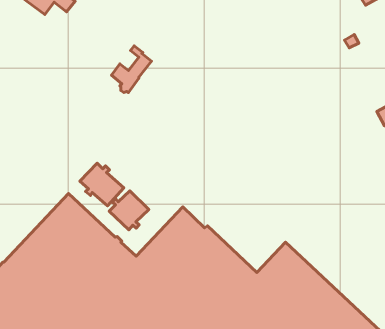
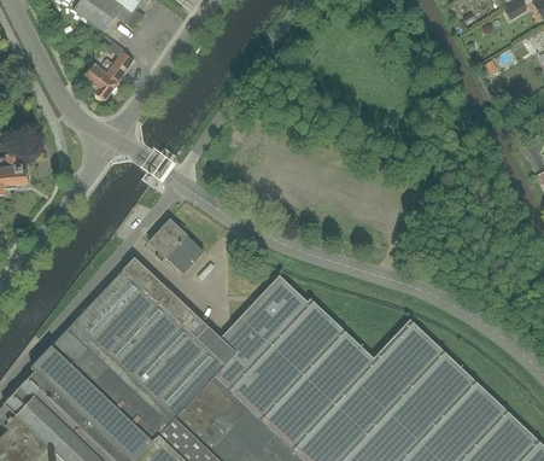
building: [111,46,151,92] -> [83,41,134,100]
building: [109,191,149,230] -> none

